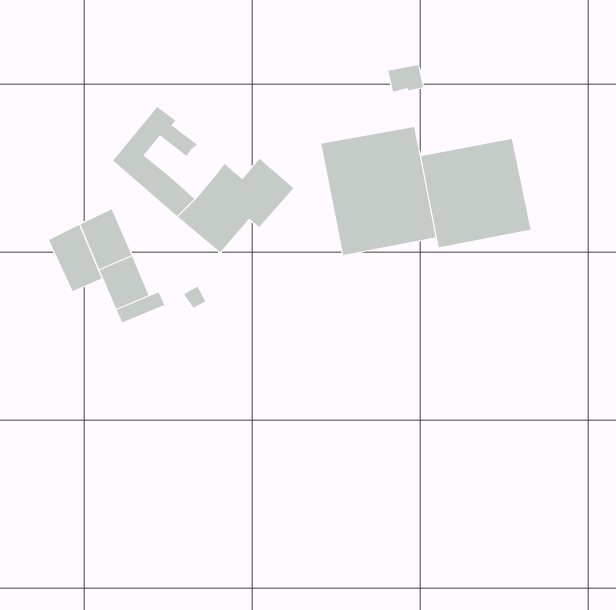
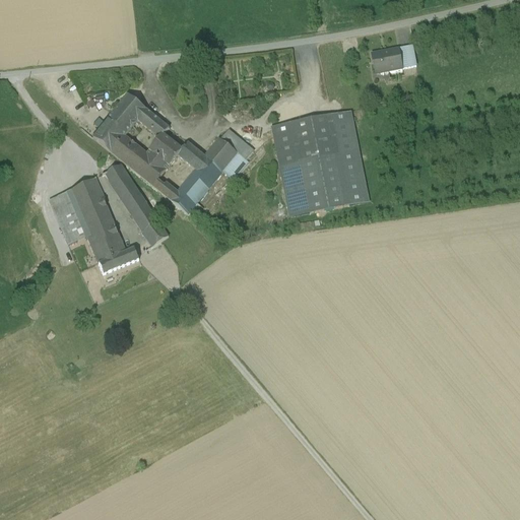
building: [388,64,424,92] -> [372,47,402,70]
building: [420,138,531,248] -> none
building: none -> [145,126,184,168]
building: none -> [102,161,168,246]

